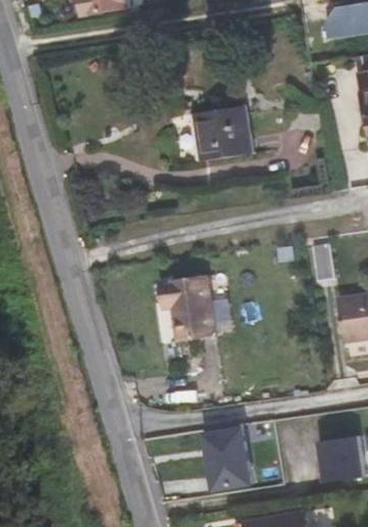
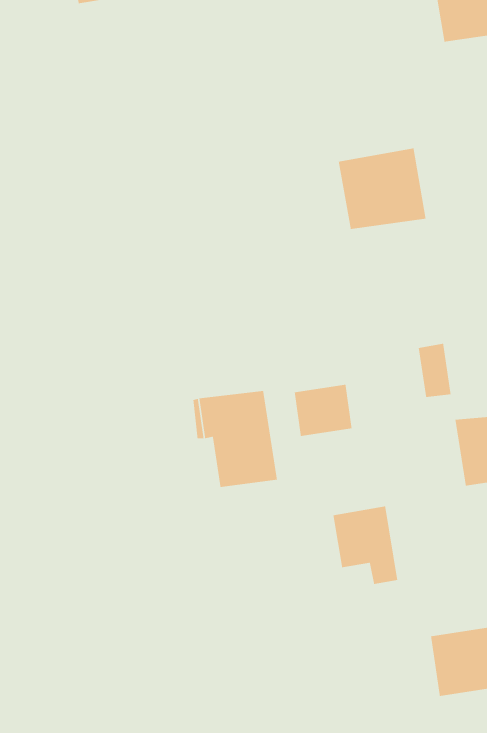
building: [193,105,253,161] -> [338,148,426,230]
building: none -> [294,384,353,437]
building: [207,431,251,485] -> [332,506,398,585]

